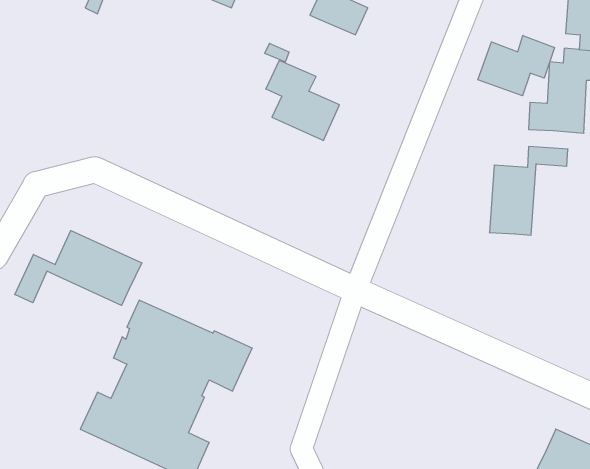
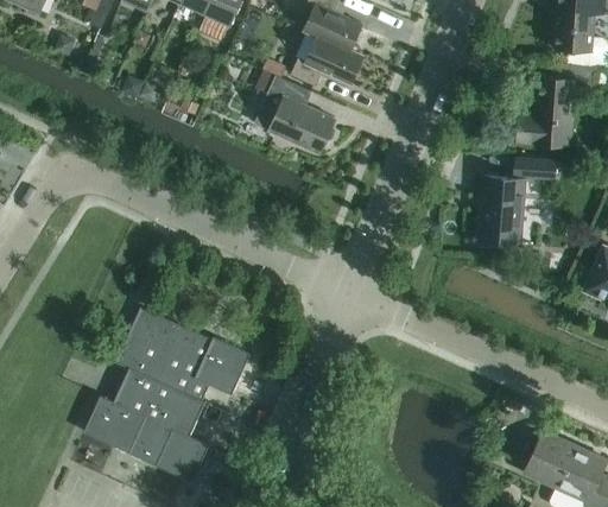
building: none -> [291,36,363,84]
building: [478,35,554,96] -> none
building: [15,231,142,305] -> none

